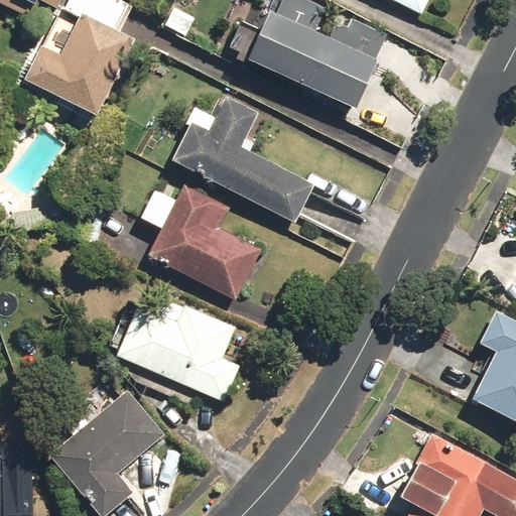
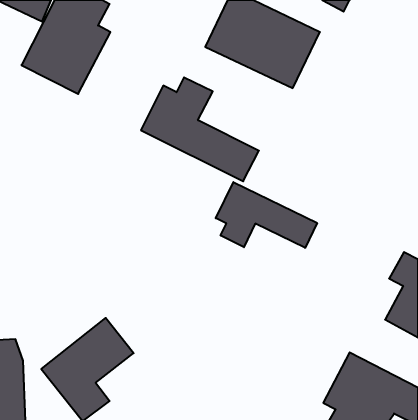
building: [138,187,258,298] -> none
building: none -> [216,182,317,248]
building: [116,290,239,402] -> none

